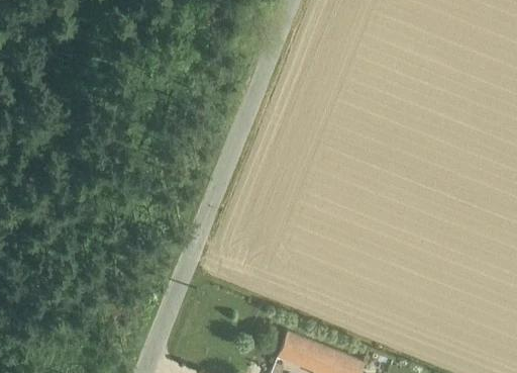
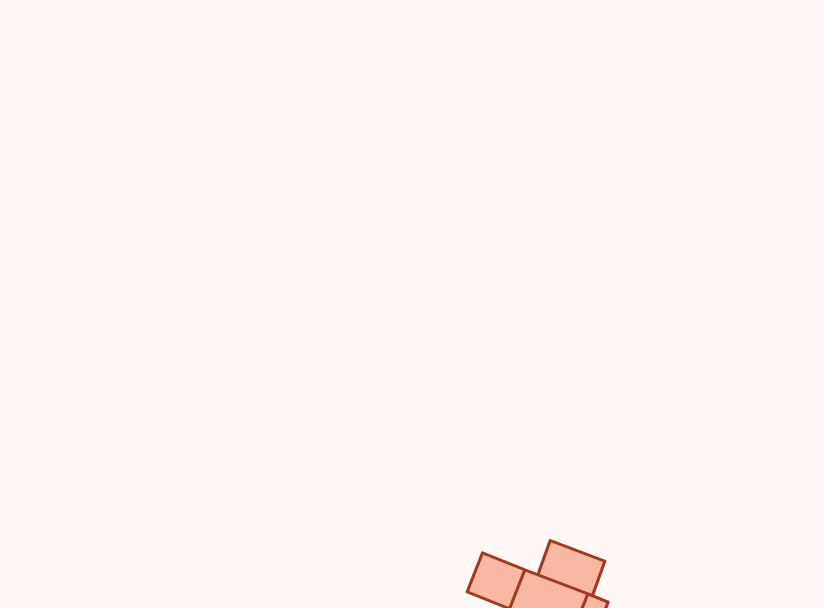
building: none -> [538,540,605,595]

